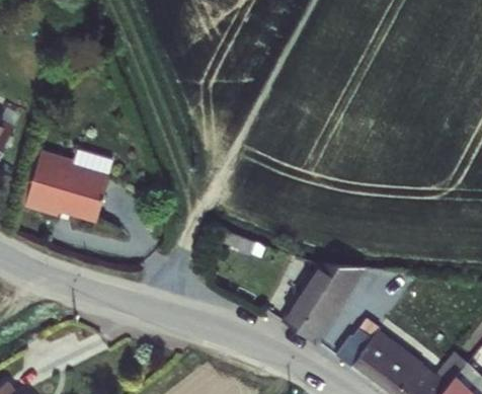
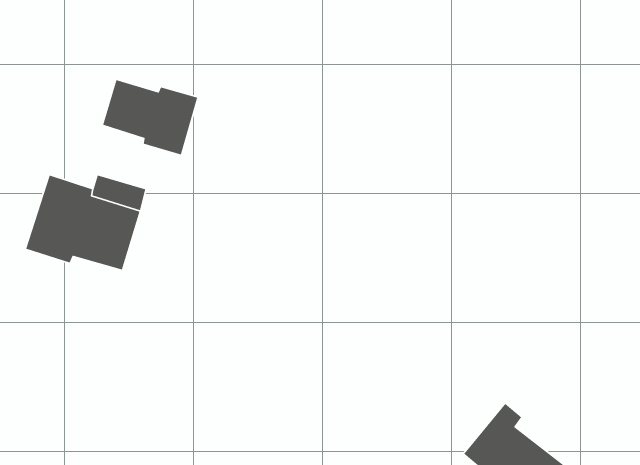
building: none -> [102,79,198,155]
building: [282,263,368,342] -> none

